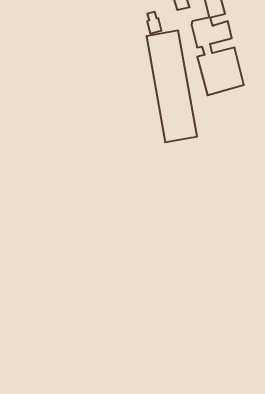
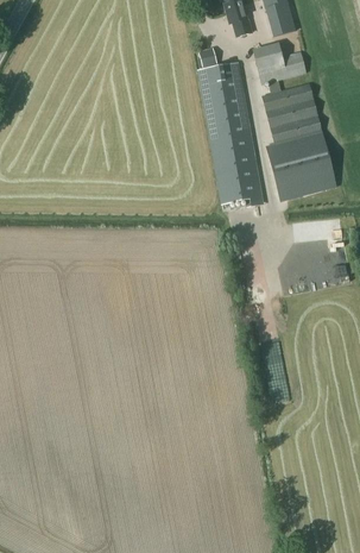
building: none -> [266,132,336,201]

